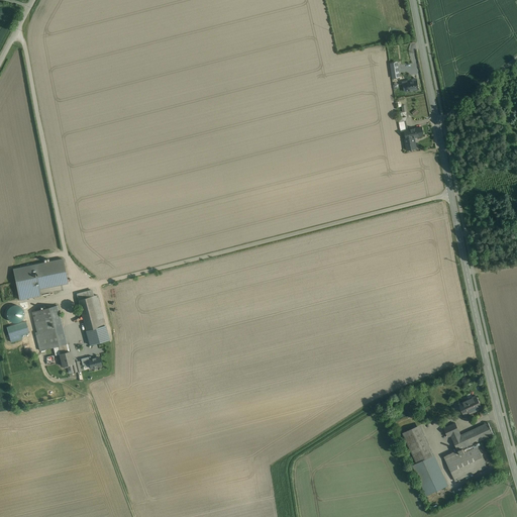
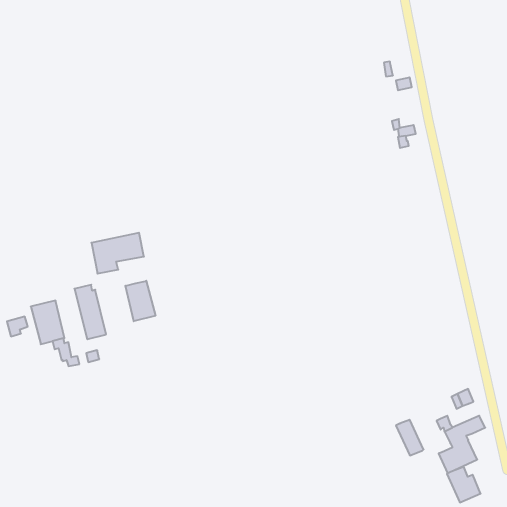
building: [13,258,67,300] -> [91,233,144,274]
building: none -> [125,281,155,321]
building: [413,458,447,495] -> [447,467,481,502]

